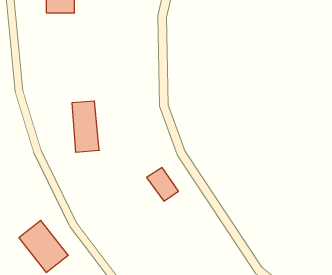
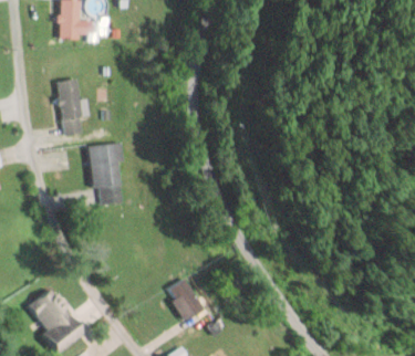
building: none -> [56,78,83,136]
building: [147,168,178,201] -> [165,280,204,321]

